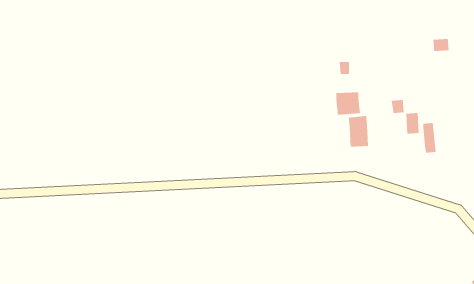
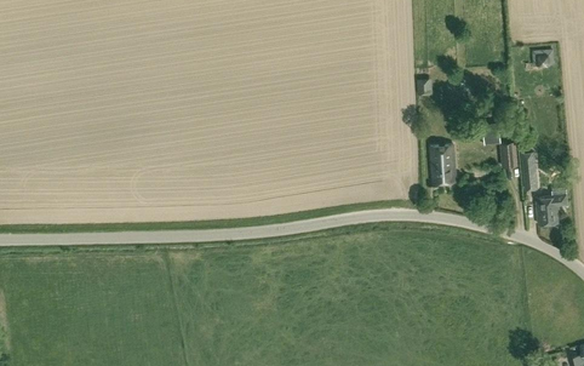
building: [336,91,360,116] -> none
building: none -> [536,188,567,224]

